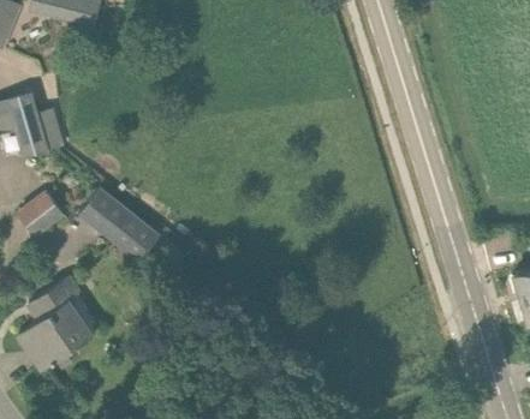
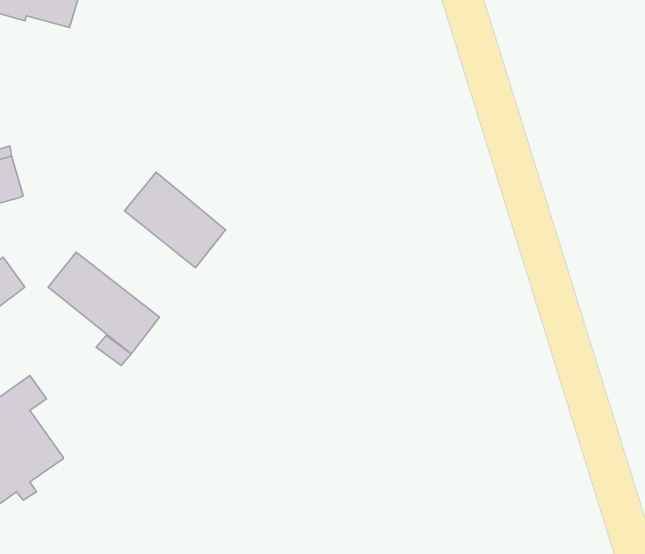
building: none -> [124,172,226,268]

